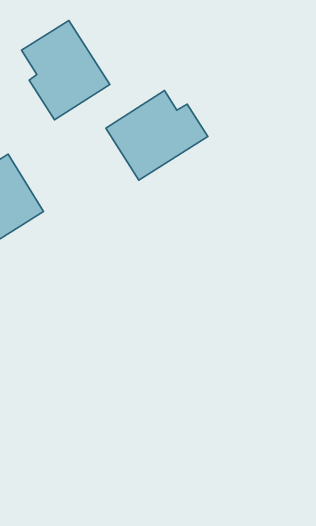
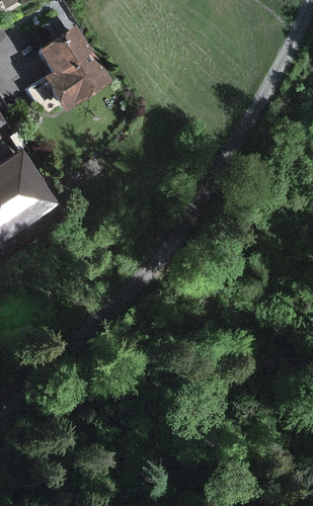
building: [106,90,208,180] -> none

